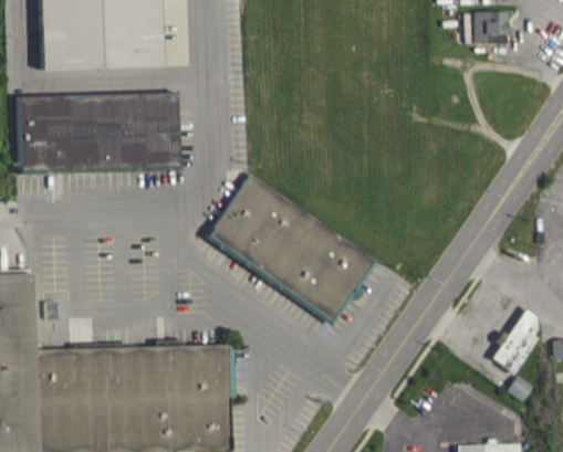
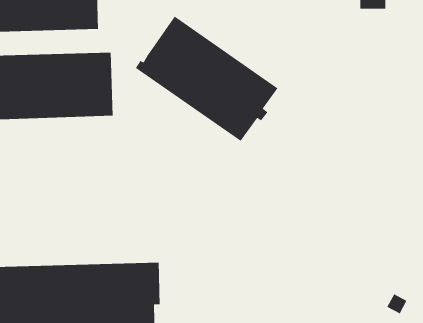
building: [204,172,376,324] -> [135,16,279,142]
building: [491,306,538,371] -> none

